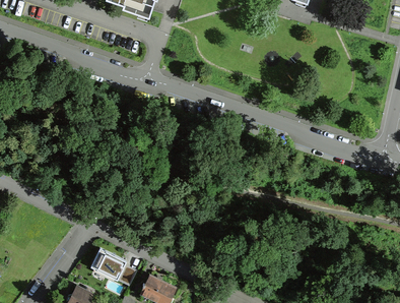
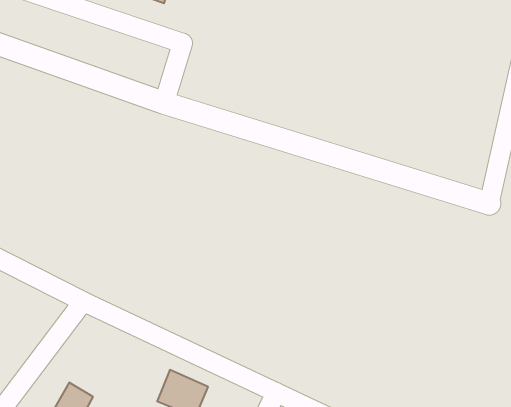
building: [92,248,126,279] -> none

